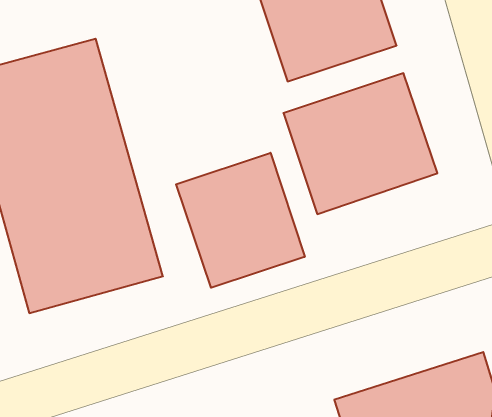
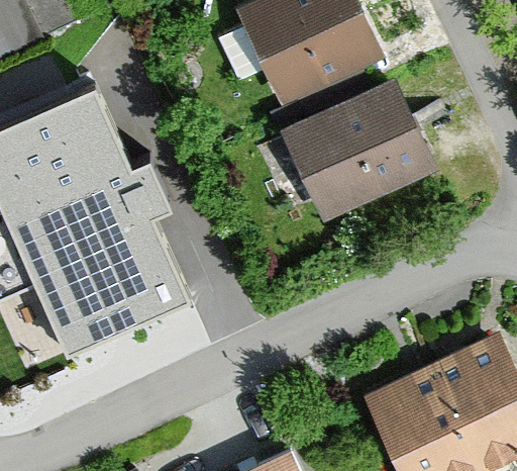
building: [176,153,305,288] -> none

